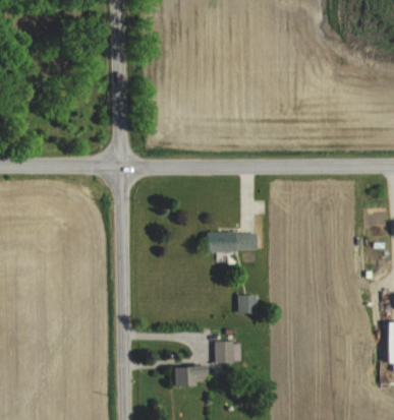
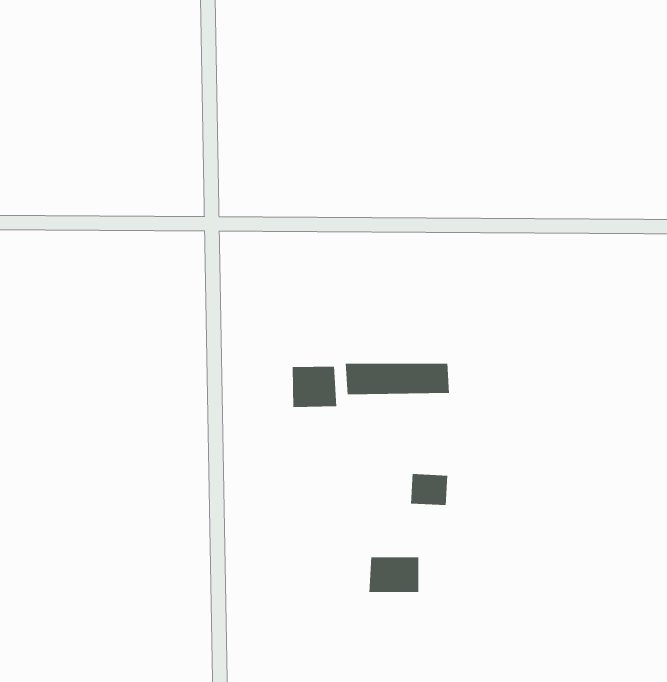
building: none -> [292,366,337,408]
building: [170,365,208,385] -> none

